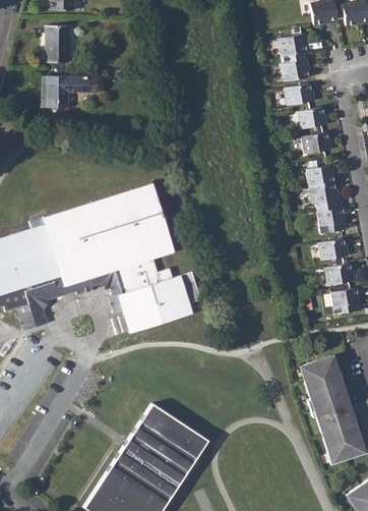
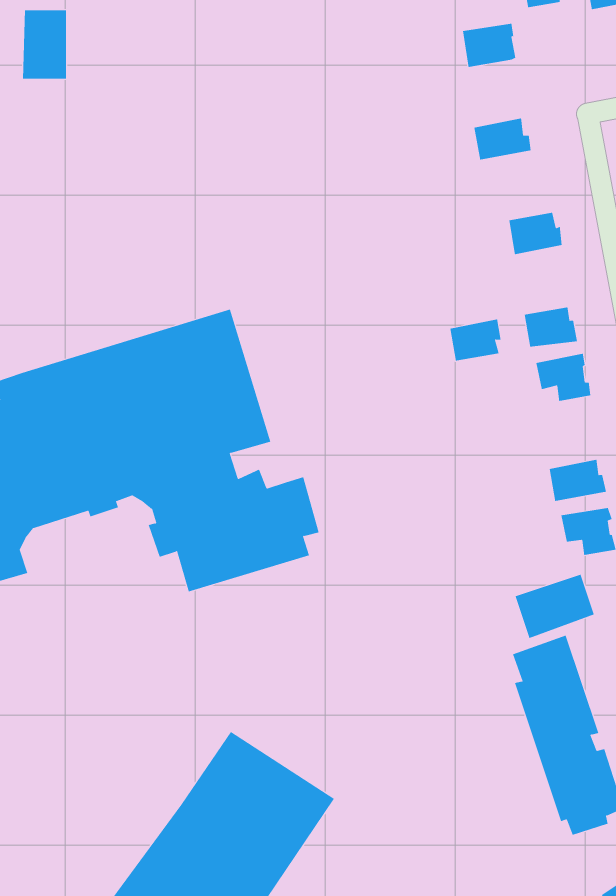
building: [280,52,308,80] -> none
building: [47,76,103,108] -> none
building: [298,108,326,129] -> none
building: [307,164,334,186] -> [449,319,502,361]
building: [317,238,348,260] -> none
building: none -> [515,574,594,639]

